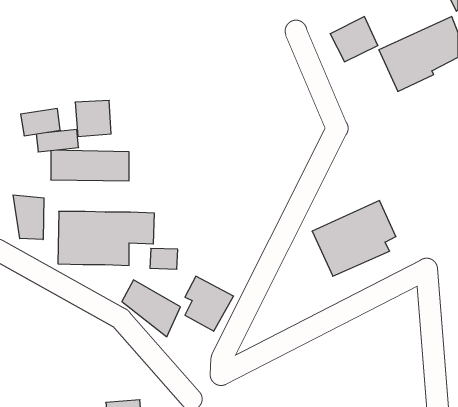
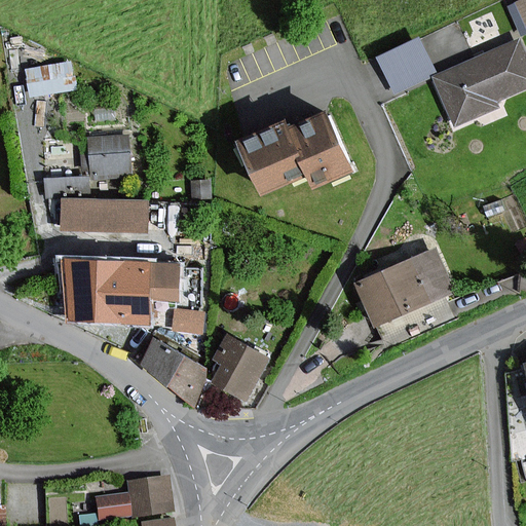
building: none -> [238,112,349,191]
building: [21,109,60,136] -> [26,64,71,95]
building: [13,195,44,240] -> none

